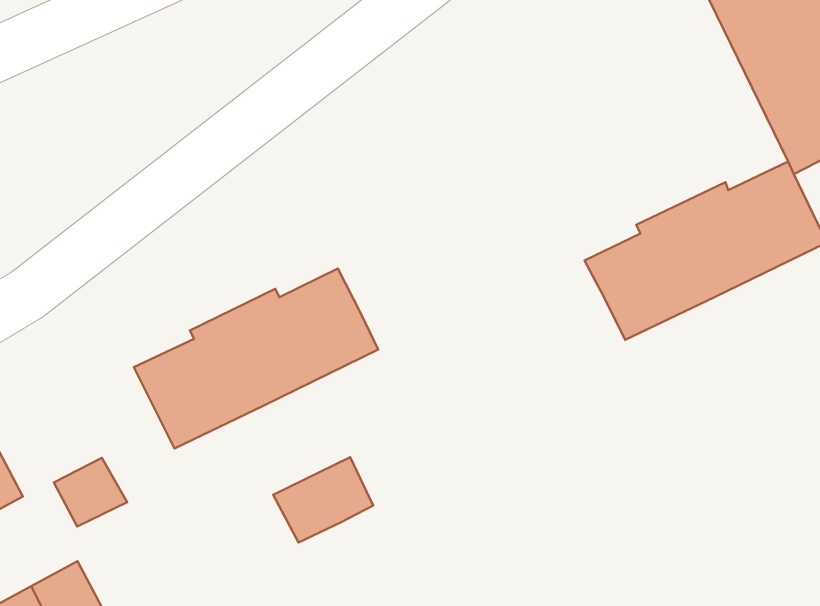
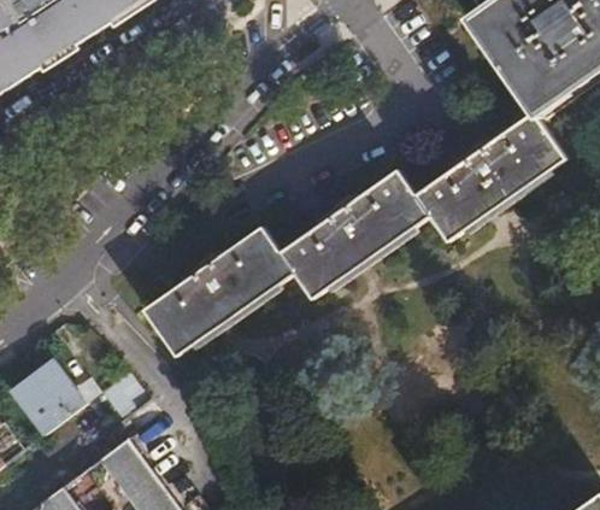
building: none -> [280,171,430,301]
building: [273,457,373,542] -> none

